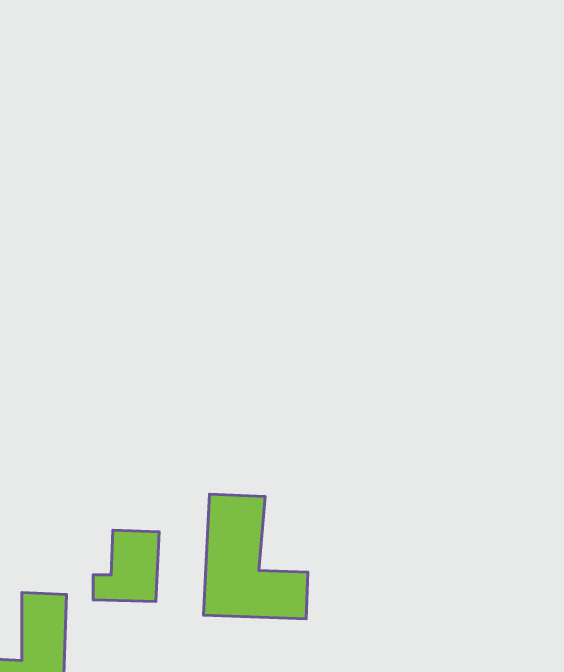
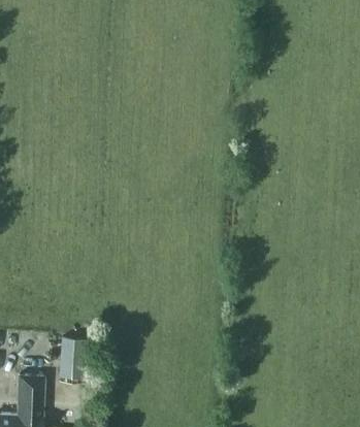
building: [203,494,308,619] -> none

